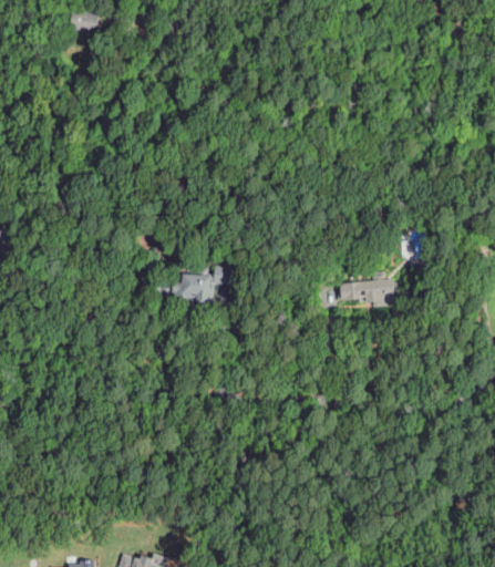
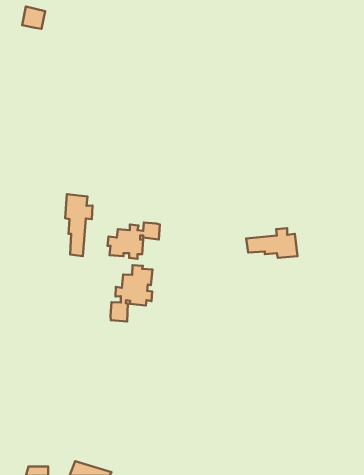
building: none -> [65,194,93,256]
building: none -> [111,265,152,322]

